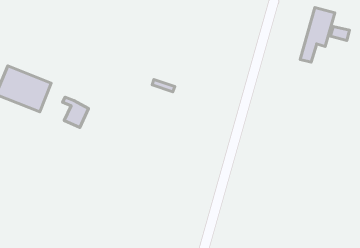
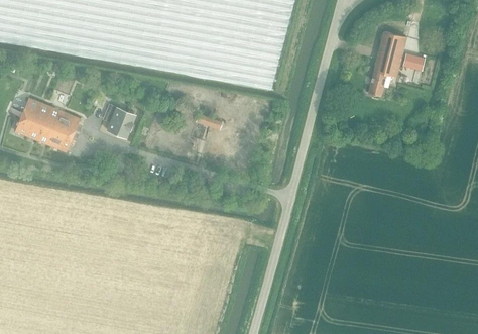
building: [62,97,89,127] -> [105,102,135,137]

